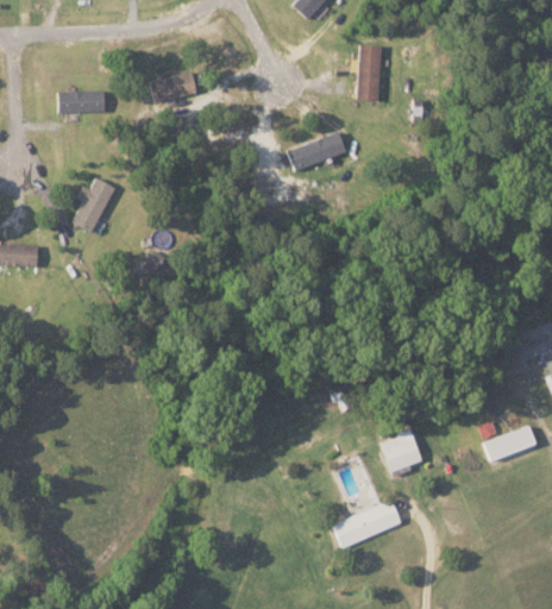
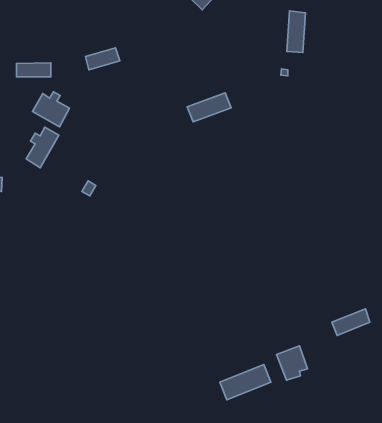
building: [357,44,382,100] -> [287,11,305,52]
building: none -> [33,92,70,127]
building: [380,429,421,476] -> [277,346,308,380]

